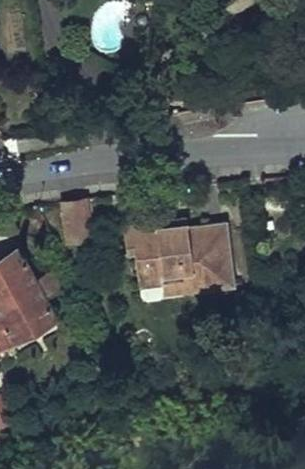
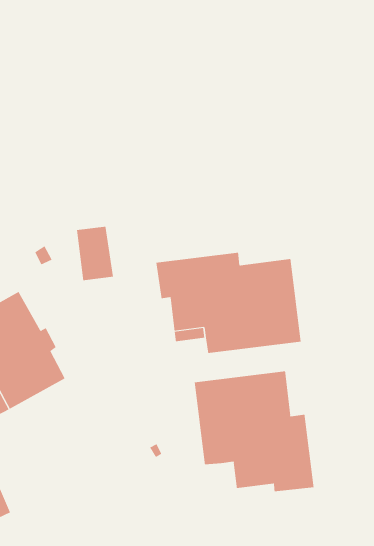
building: none -> [194,371,314,492]

